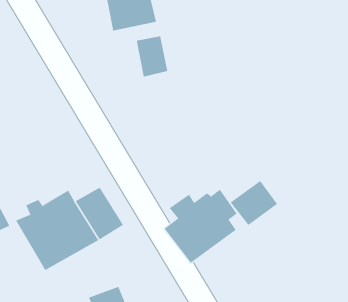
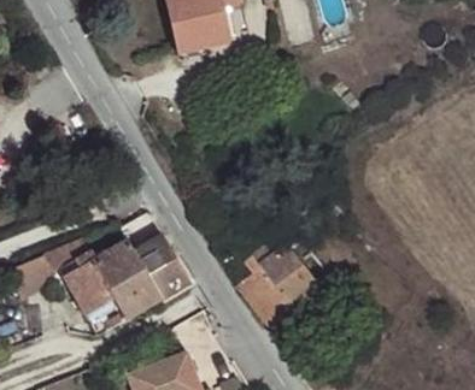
building: [136,35,168,77] -> none
building: [230,180,278,226] -> none

